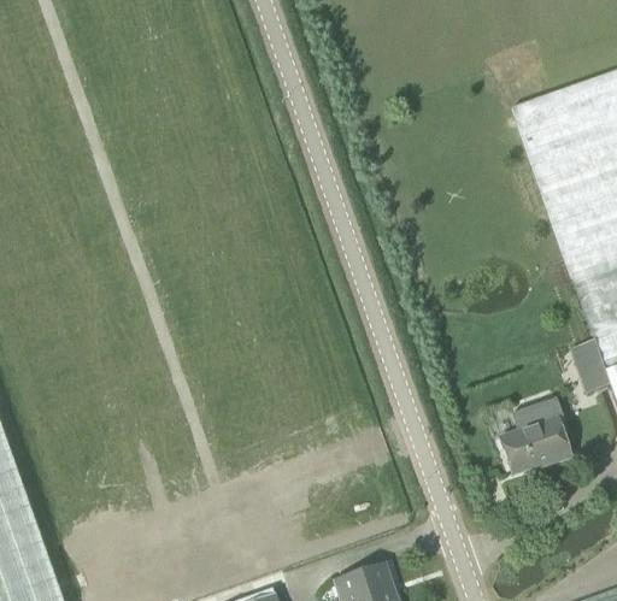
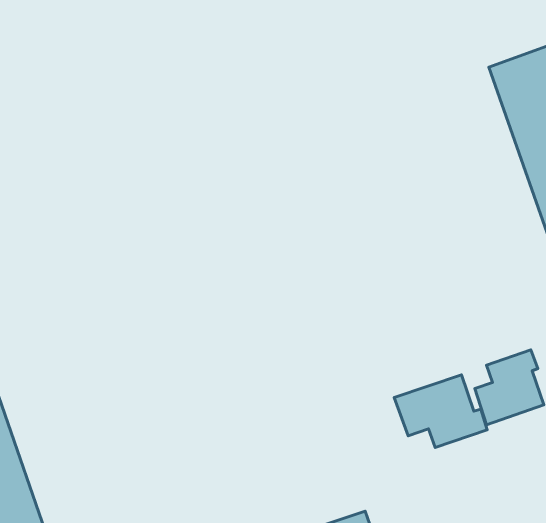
building: none -> [394,375,487,448]

